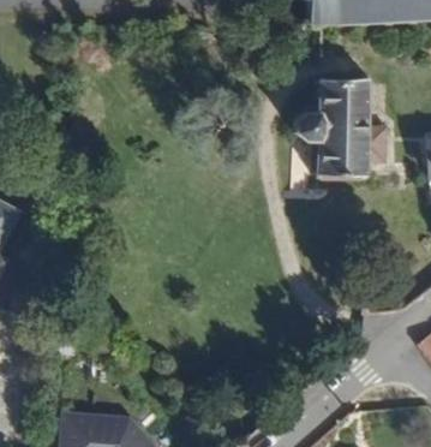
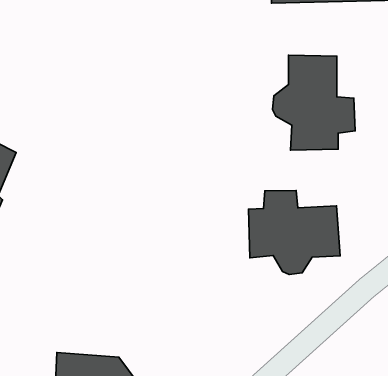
building: none -> [249,190,340,275]

